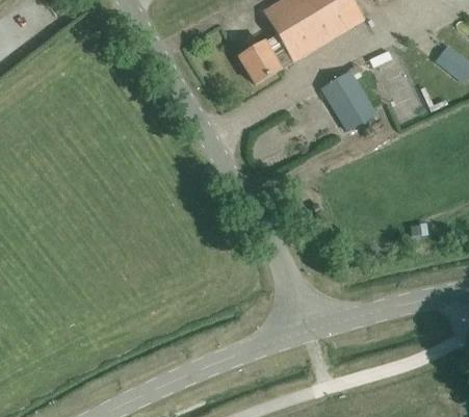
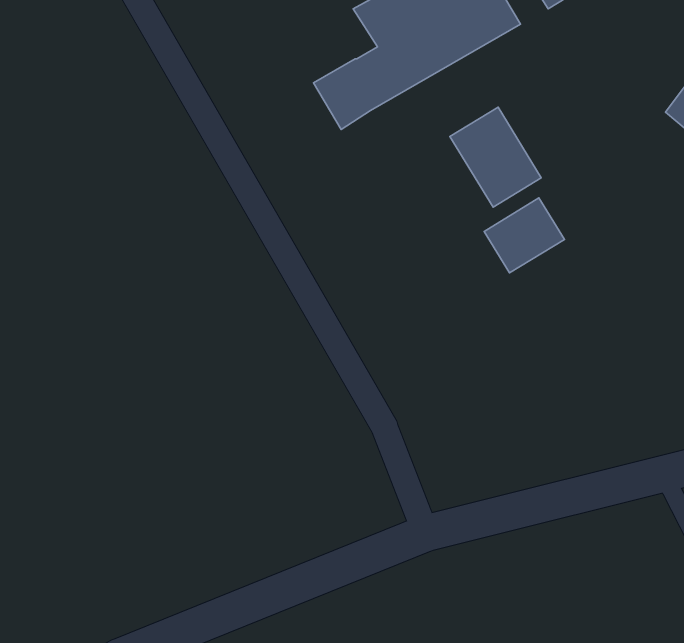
building: none -> [484,198,564,273]

